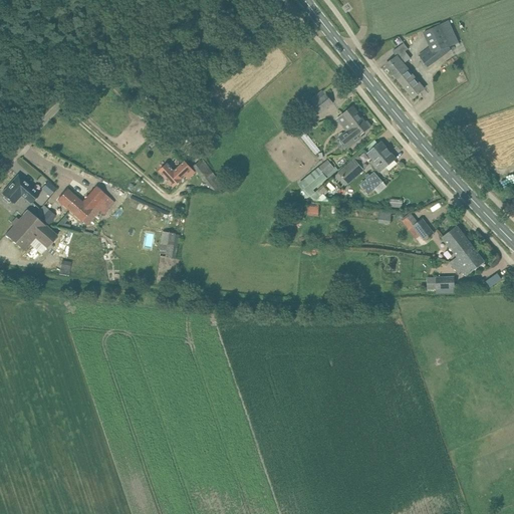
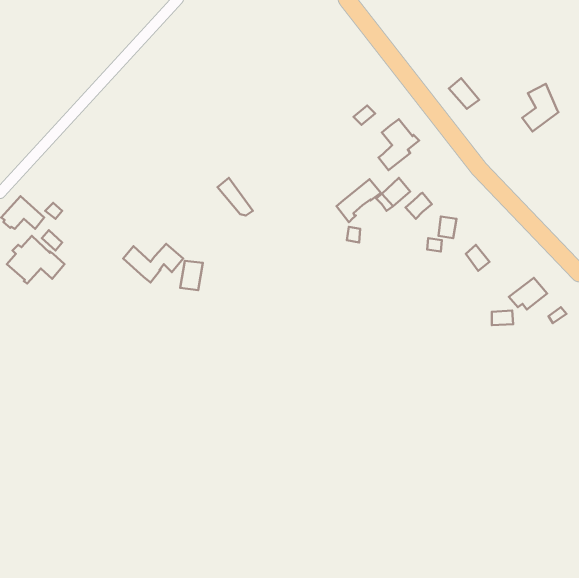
building: [419,23,451,65] -> [522,84,558,132]
building: [386,42,411,78] -> none
building: [367,141,396,169] -> none
building: [160,161,195,186] -> none
building: [58,186,111,220] -> [123,244,183,282]
building: [442,225,473,263] -> none

